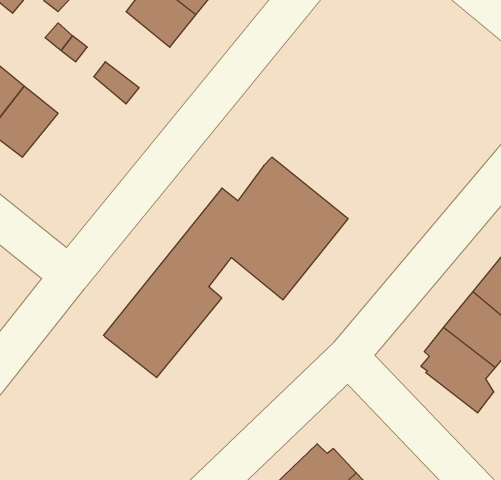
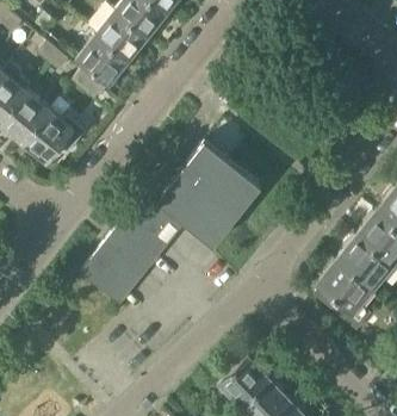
building: none -> [76,33,129,83]
building: none -> [20,108,83,162]

